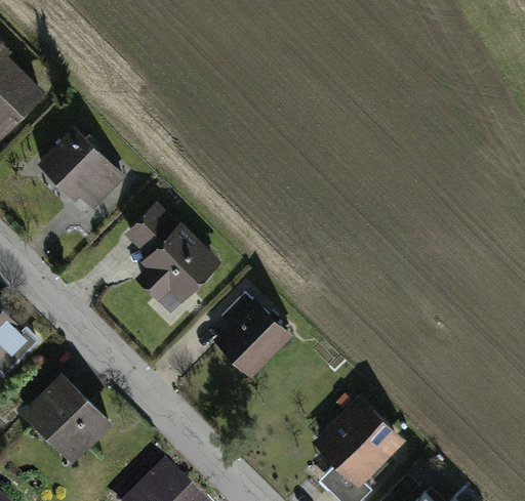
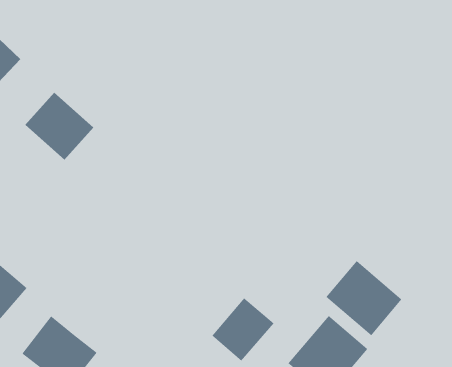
building: [130,210,212,307] -> none
building: [218,304,288,374] -> [212,298,275,362]
building: none -> [326,260,402,336]

